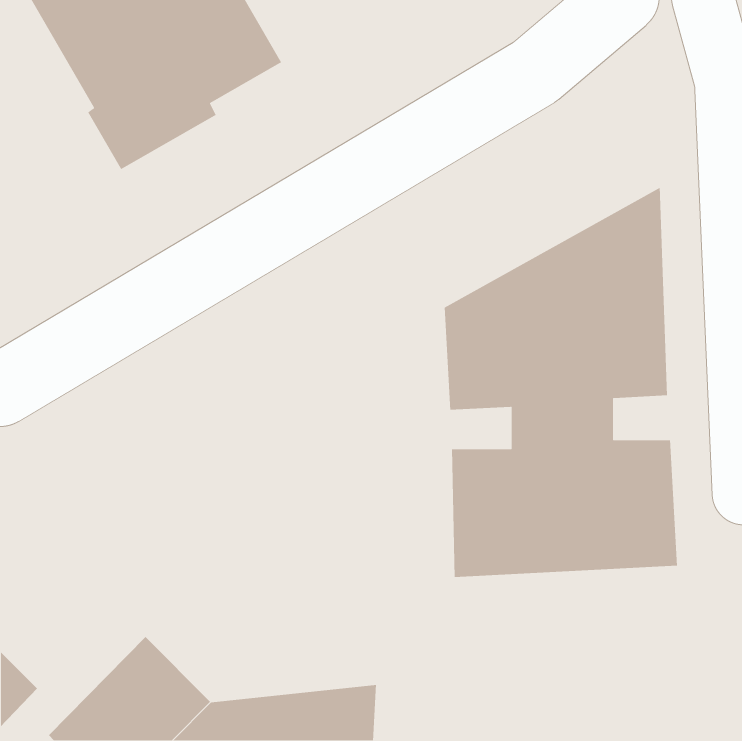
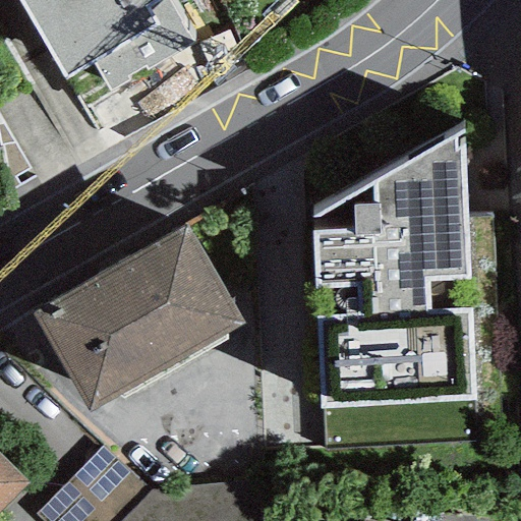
building: none -> [32,223,244,411]

